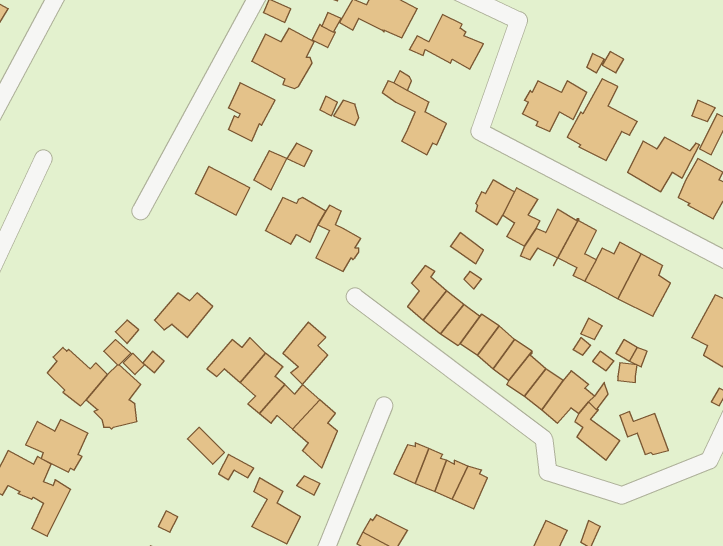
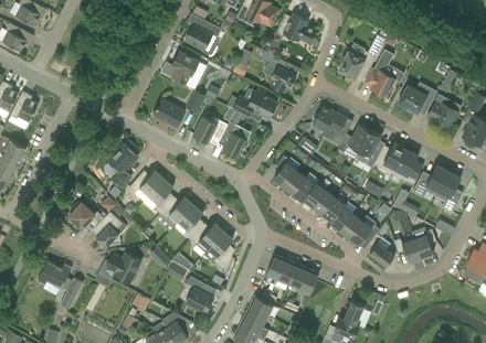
building: none -> [232,89,276,118]
building: none -> [107,144,137,187]
building: none -> [412,165,447,197]
building: [283,322,328,384] -> [148,179,173,214]
building: none -> [411,227,435,260]
building: [26,420,88,472] -> [105,253,140,282]

